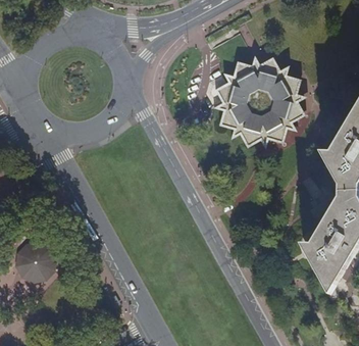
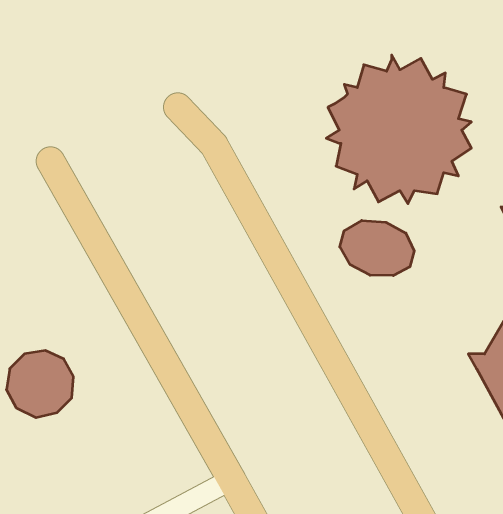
building: none -> [340,220,414,276]

